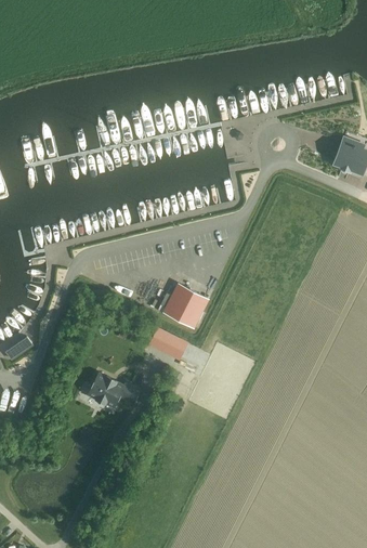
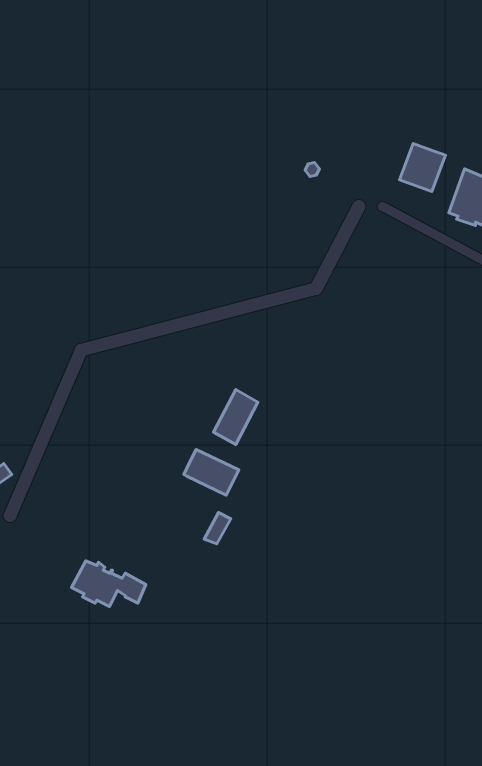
building: none -> [400,144,446,191]
building: [88,375,139,406] -> [72,561,146,606]

